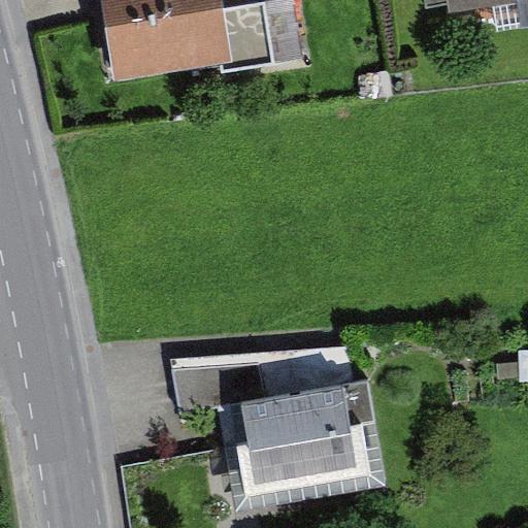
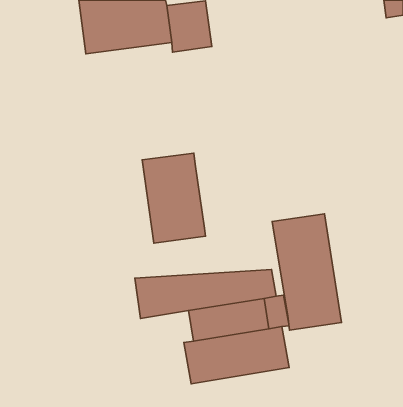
building: none -> [142,153,206,243]
building: none -> [272,214,342,330]

